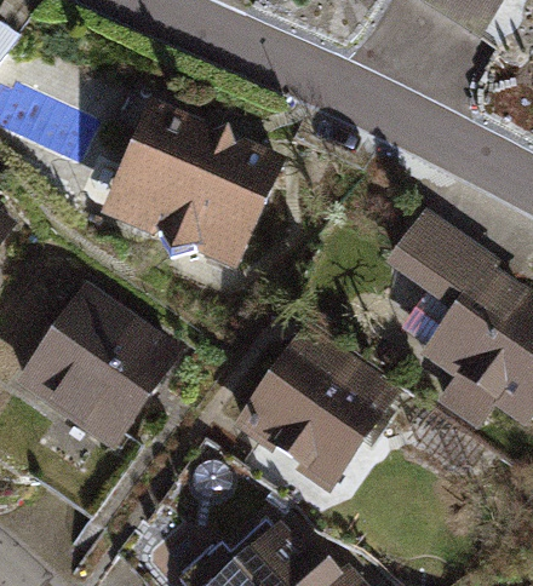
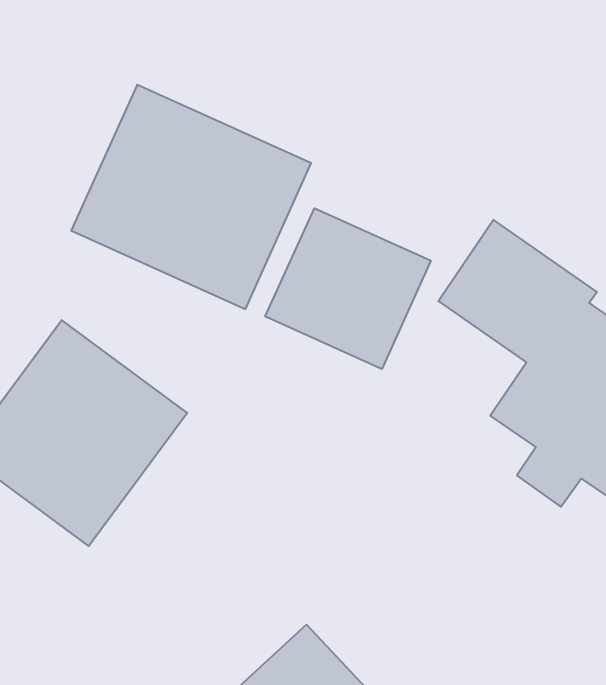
building: none -> [265,208,431,369]
building: [230,321,397,490] -> none

